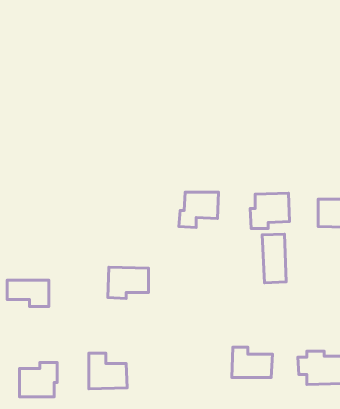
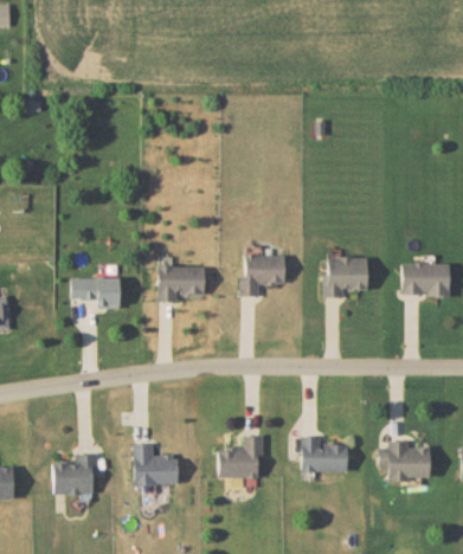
building: [262,234,286,283] -> none
building: [108,267,148,299] -> [157,266,205,303]
building: [7,280,49,307] -> [71,278,120,309]
building: none -> [218,437,264,478]

